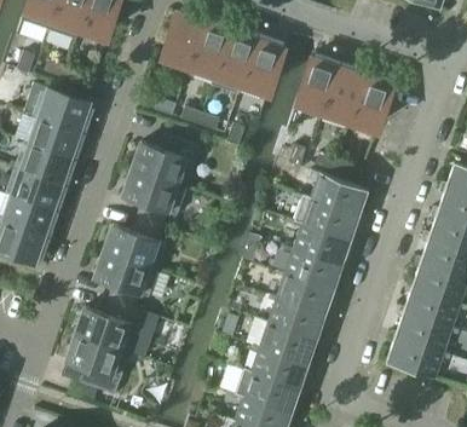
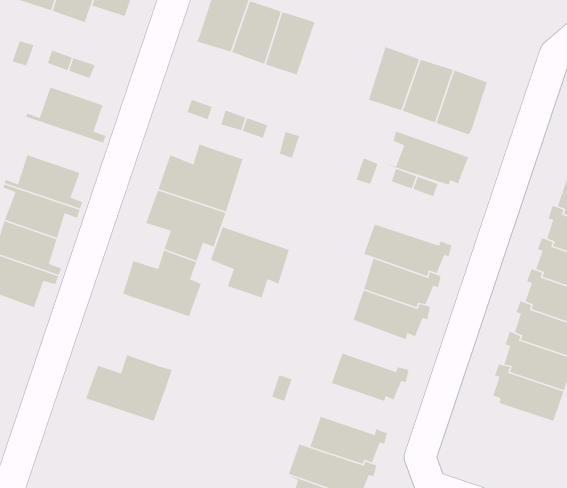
building: [241,40,283,92] -> none
building: [25,115,88,158] -> none
building: [301,172,368,215] -> [385,131,469,186]
building: [93,254,156,311] -> [210,226,290,299]
building: [276,275,338,315] -> none
building: [259,324,321,364] -> none
building: [385,333,443,381] -> none
building: [65,336,128,397] -> none

